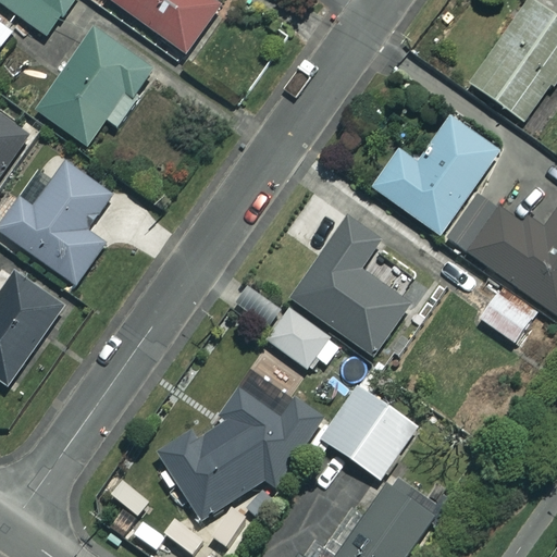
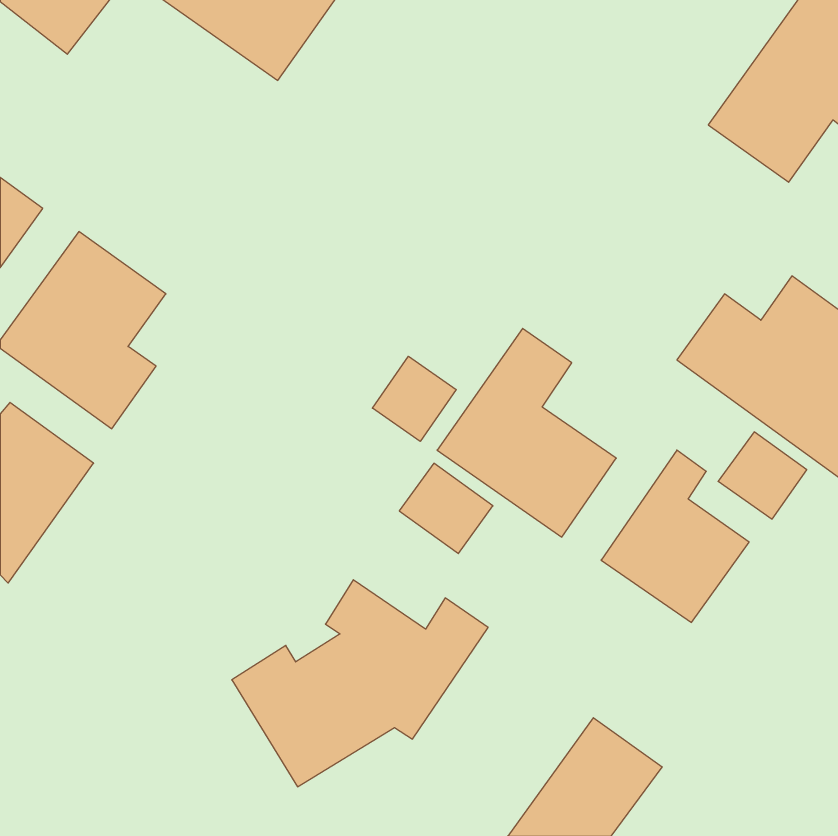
building: [35,27,152,146] -> none
building: [372,115,500,235] -> none
building: none -> [372,356,456,441]
building: [320,366,418,480] -> [601,450,749,622]

